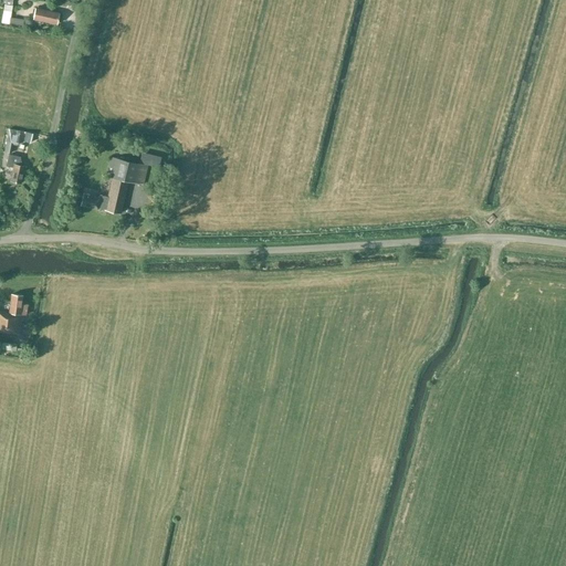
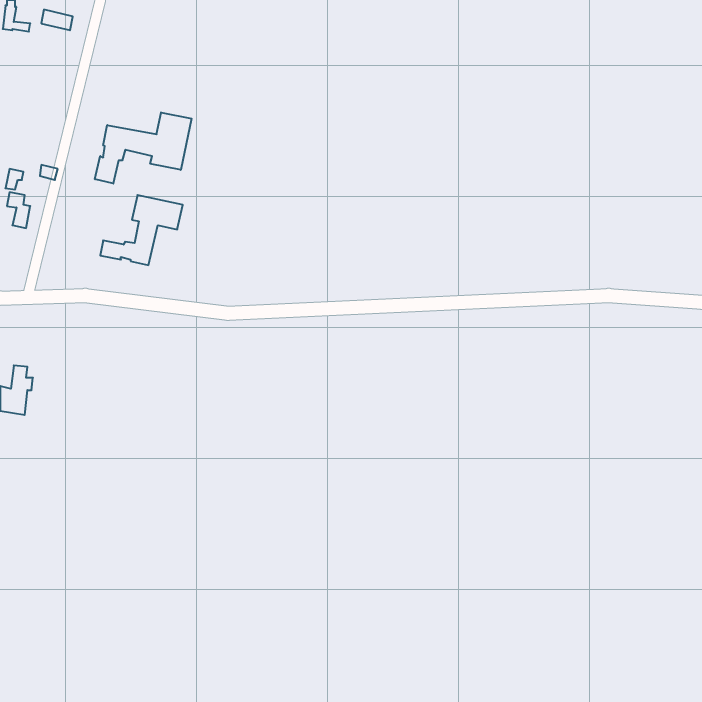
building: none -> [95,112,192,184]

